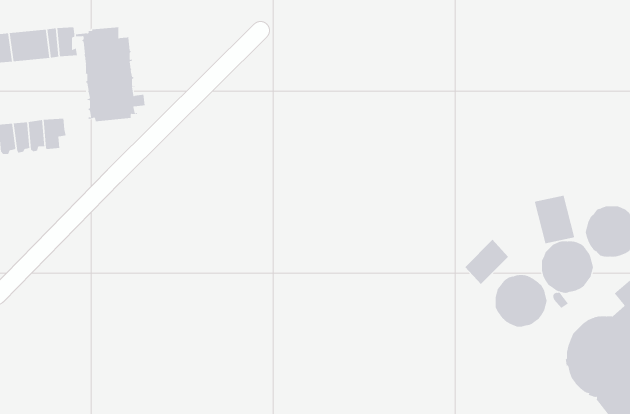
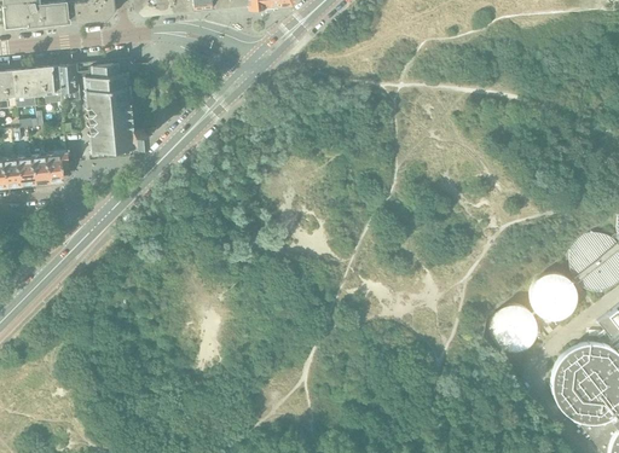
building: [534,195,575,244] -> none
building: [464,239,509,285] -> none

